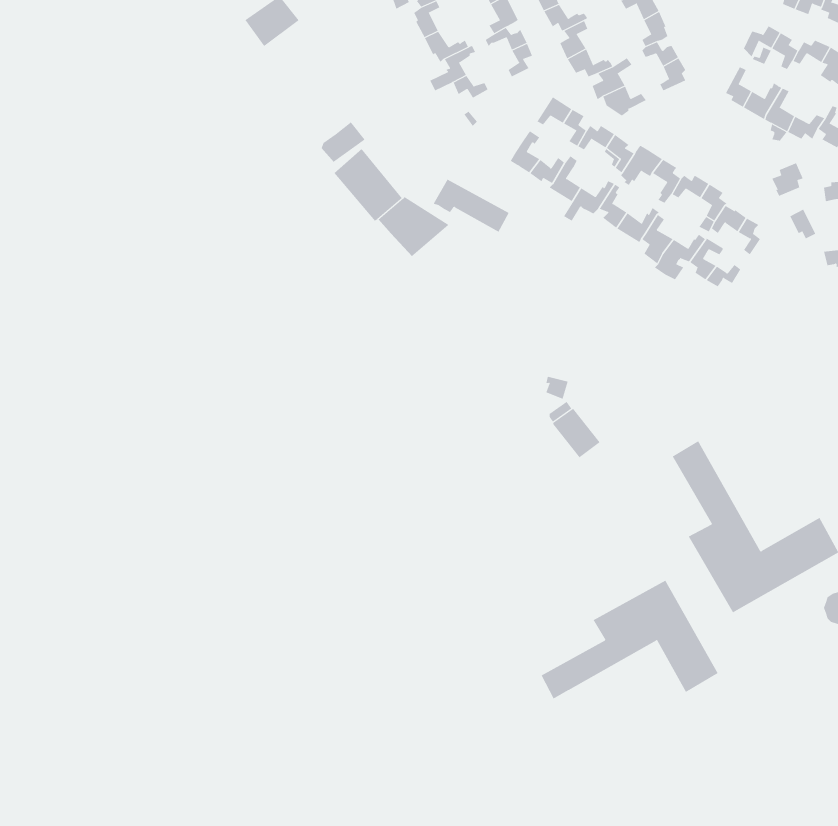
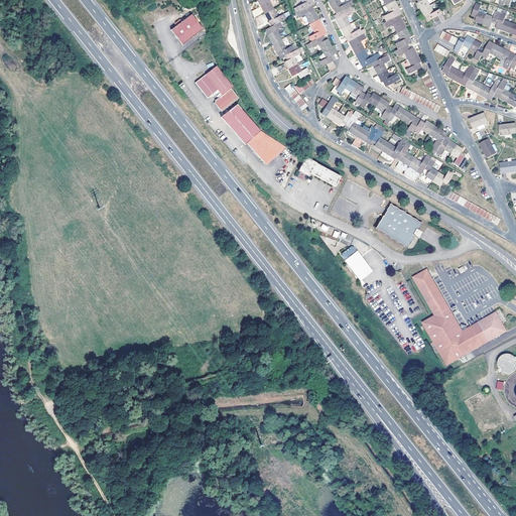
building: none -> [195,66,232,98]
building: [433,179,509,232] -> [296,157,340,187]
building: none -> [376,204,421,248]
building: [541,580,719,699] -> none

